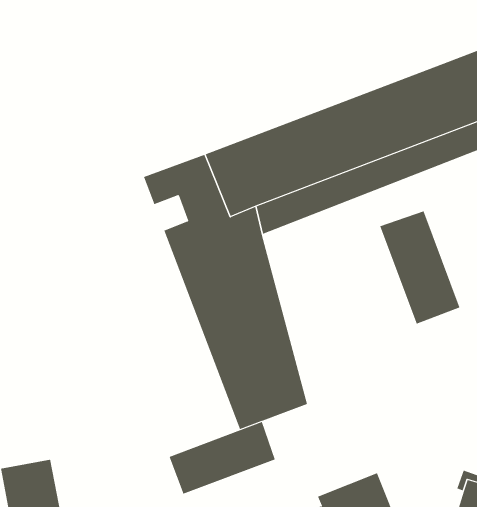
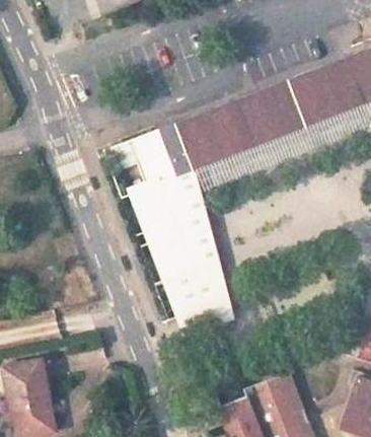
building: [379,210,460,325] -> none
building: [169,421,276,494] -> none

